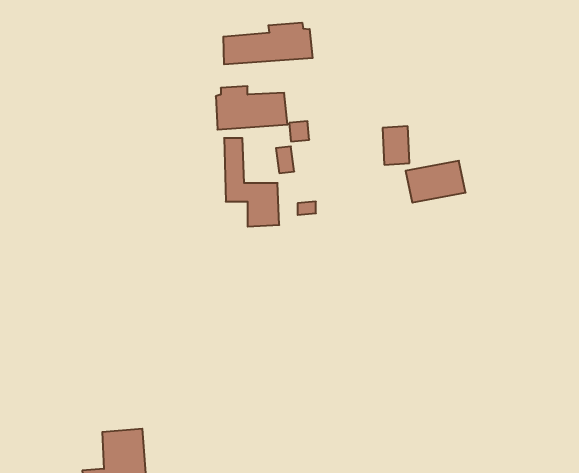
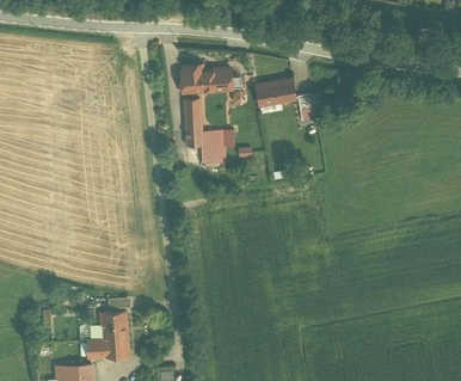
building: [223,23,313,64] -> none
building: [406,161,466,203] -> [254,76,297,106]

